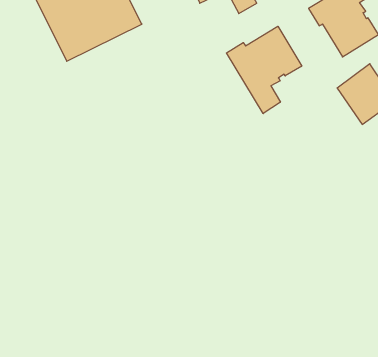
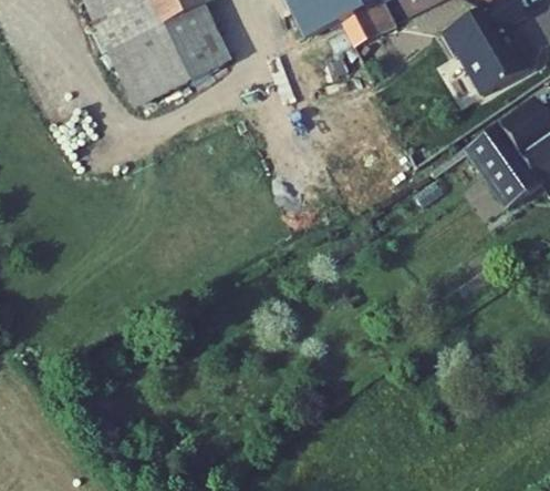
building: [226,26,302,114] -> none

